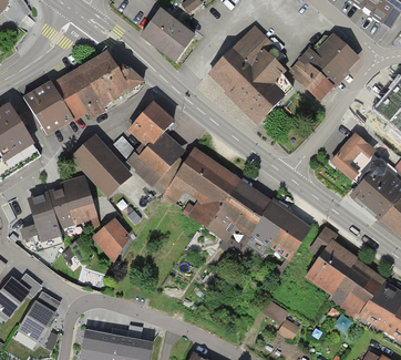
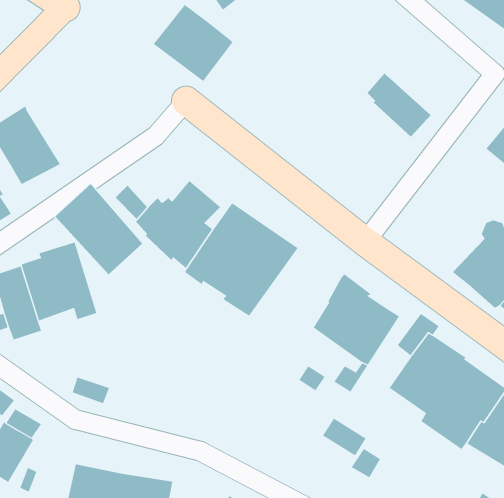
building: [206,24,286,124] -> none
building: [300,32,359,86] -> none
building: [51,50,145,120] -> none
building: [126,100,174,146] -> none
building: [329,132,376,181] -> none
building: [205,178,270,256] -> none
building: [92,216,130,261] -> none

